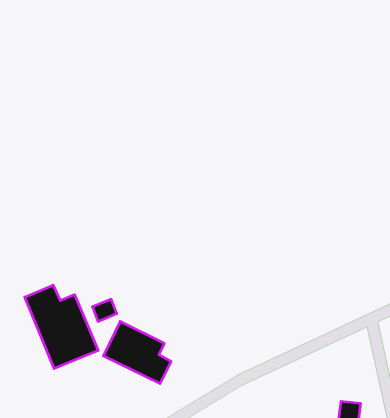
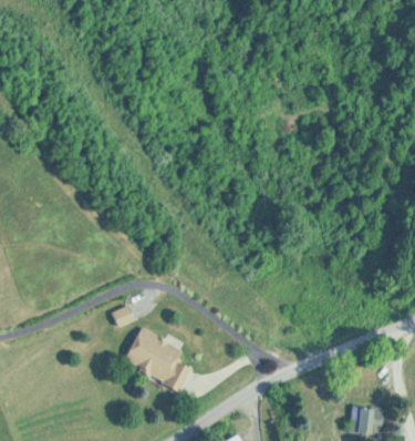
building: [25,285,98,369] -> none

